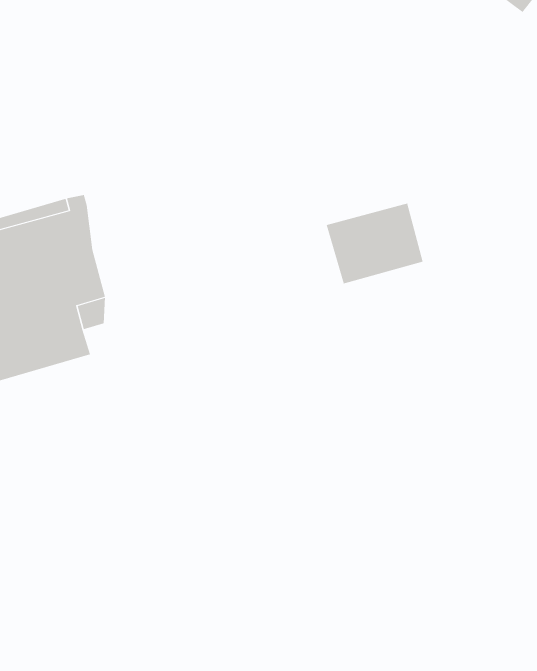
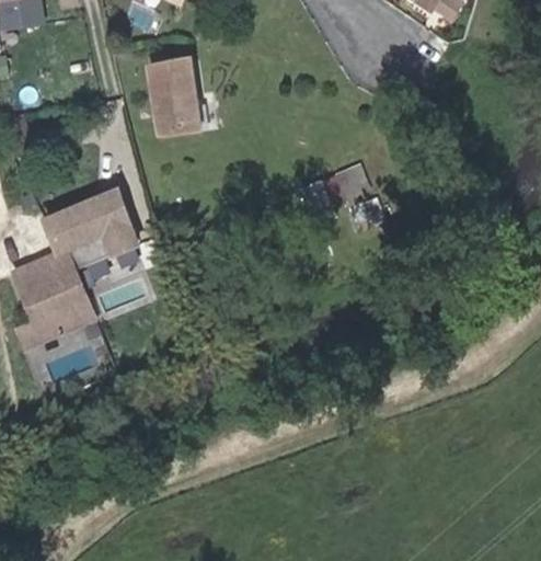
building: none -> [148,62,198,133]

